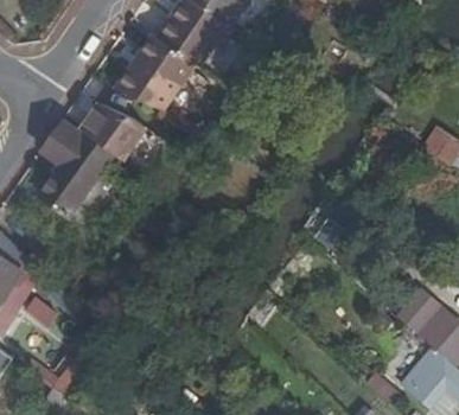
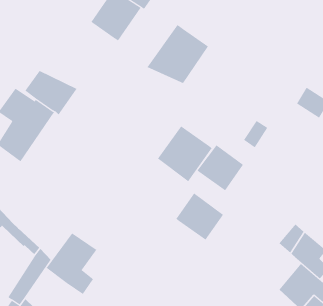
building: [114,32,193,108] -> [146,24,209,84]
building: none -> [157,126,213,182]
building: none -> [175,192,224,240]
building: none -> [46,232,97,295]

